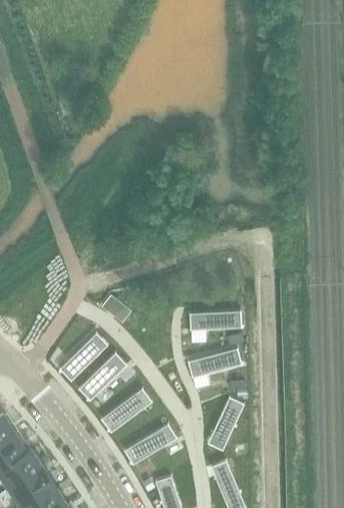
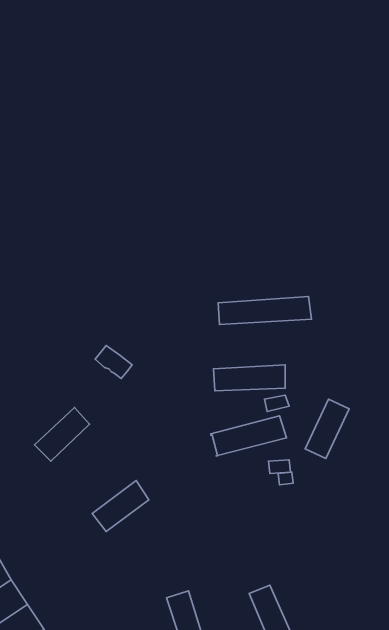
building: none -> [218,297,312,325]
building: [78,360,118,401] -> none
building: [213,396,245,439] -> [305,399,349,458]
building: [124,429,166,464] -> none

